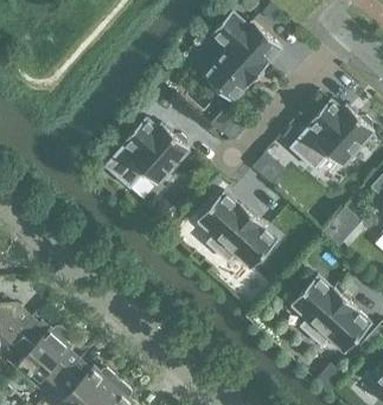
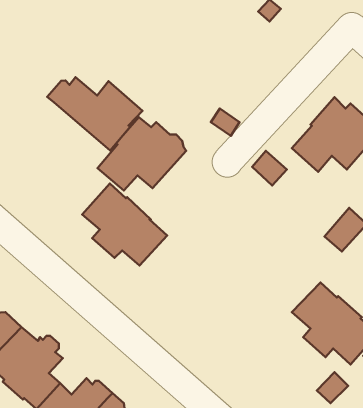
building: [203,12,282,103] -> none
building: none -> [47,77,143,151]
building: [198,192,279,270] -> [82,183,167,265]

